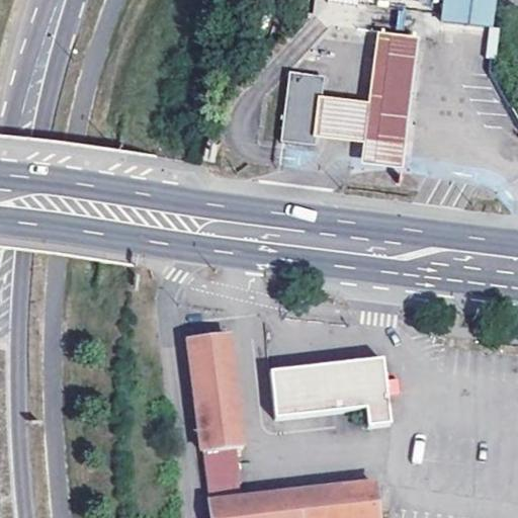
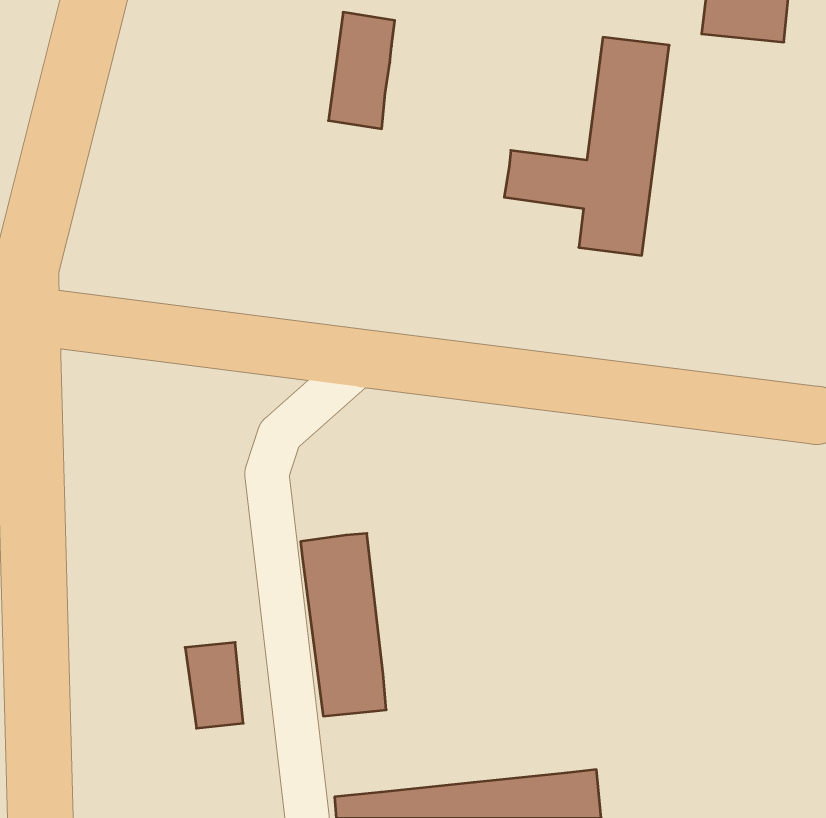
building: [280,73,322,146] -> [328,12,395,129]
building: [268,357,388,425] -> none
building: [202,445,239,499] -> [185,642,243,728]

